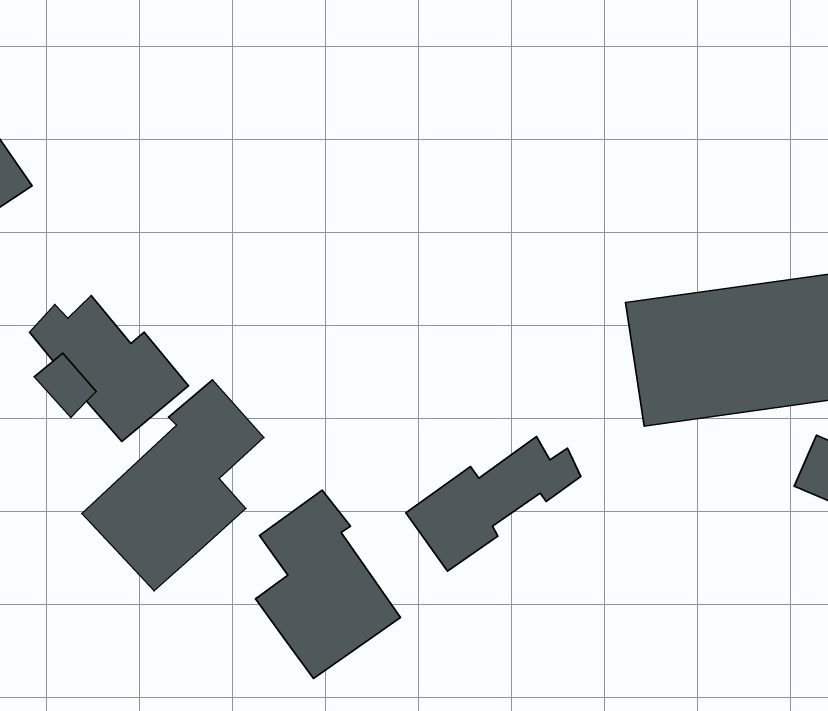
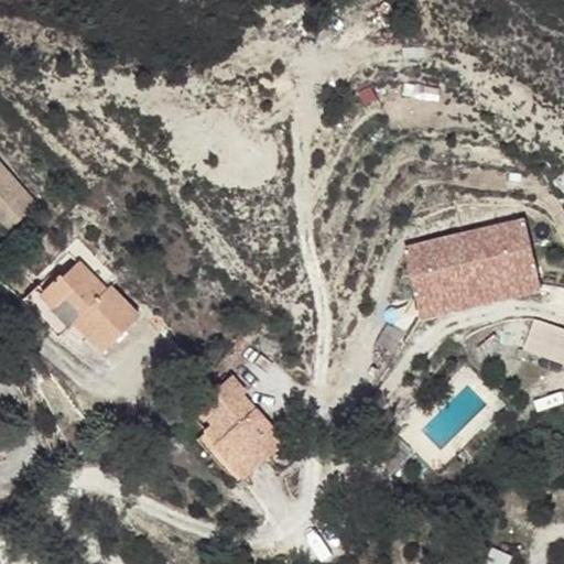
building: [82,380,264,591] -> none
building: [406,437,581,571] -> none

